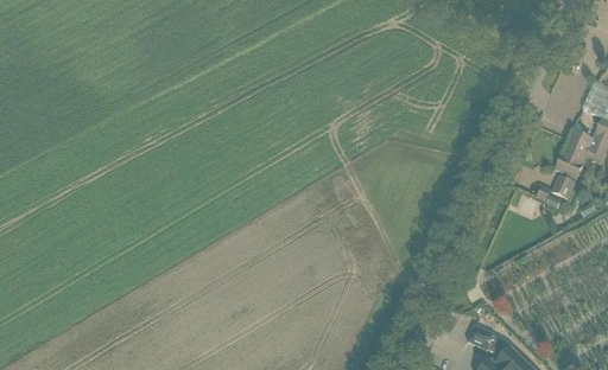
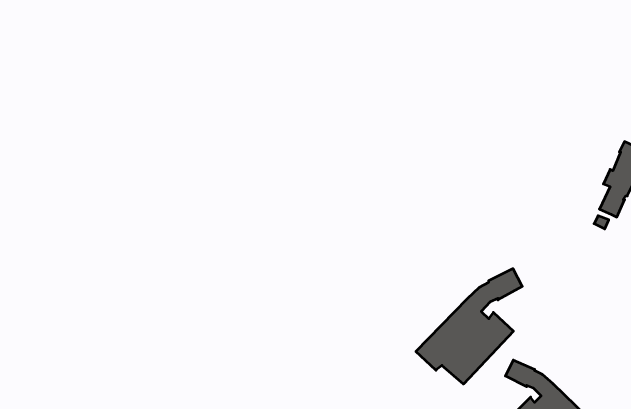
building: none -> [416,269,522,384]

